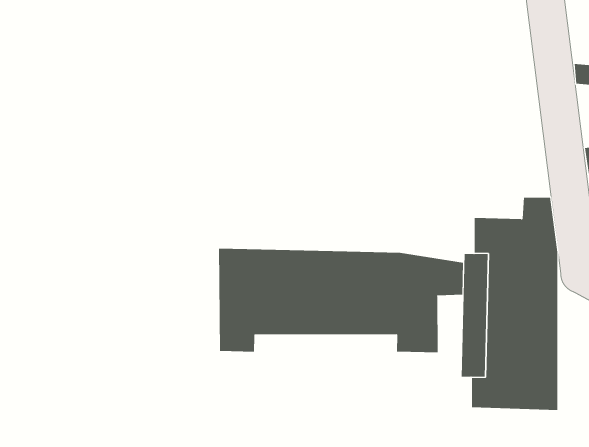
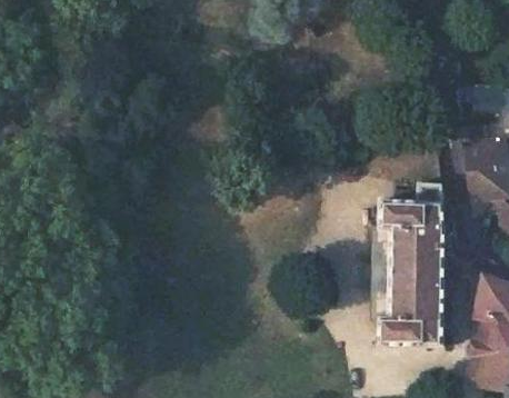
building: [219,248,464,353] -> none

